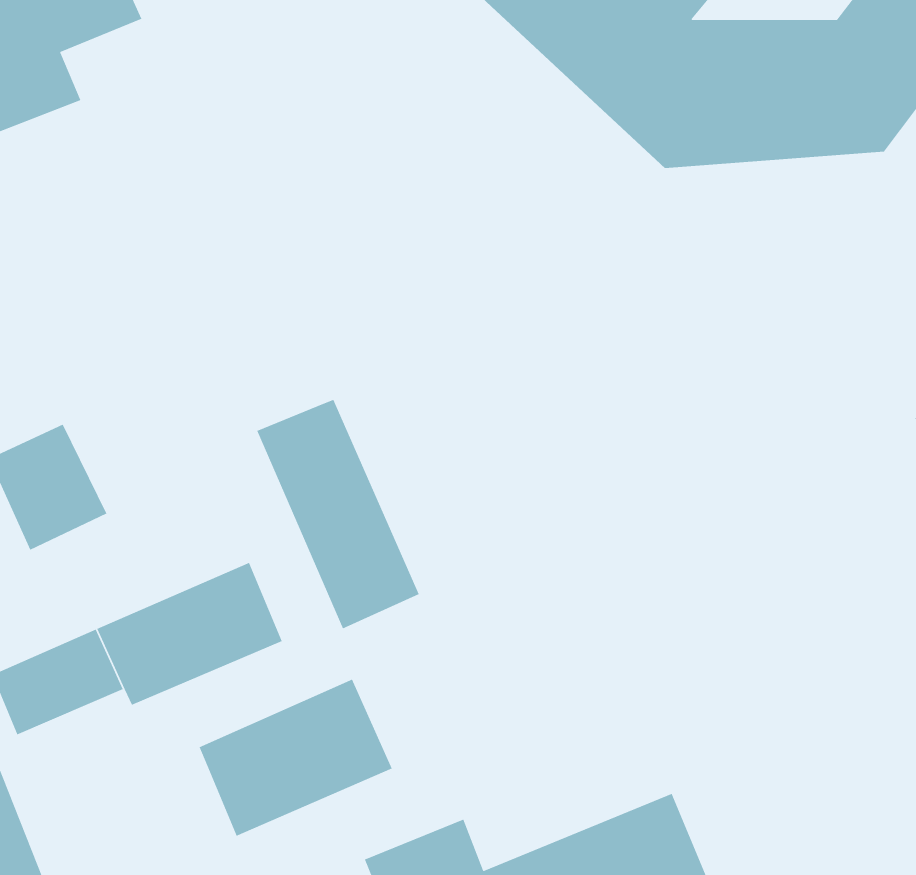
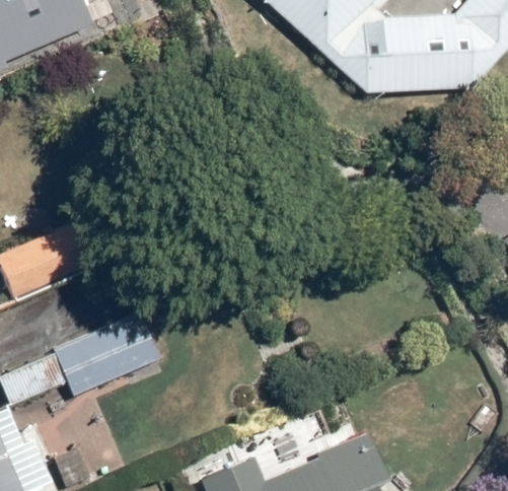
building: [256,399,420,630] -> none
building: [198,679,393,837] -> none

